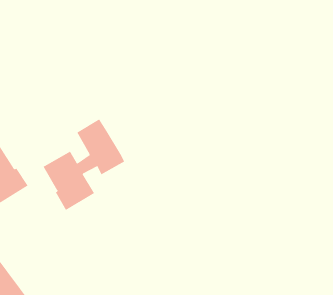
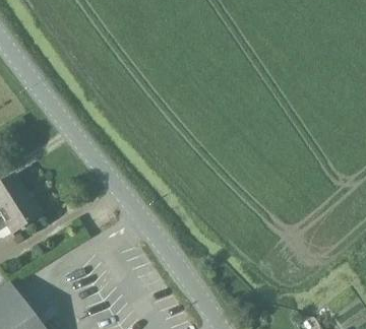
building: [43,118,125,211] -> none

